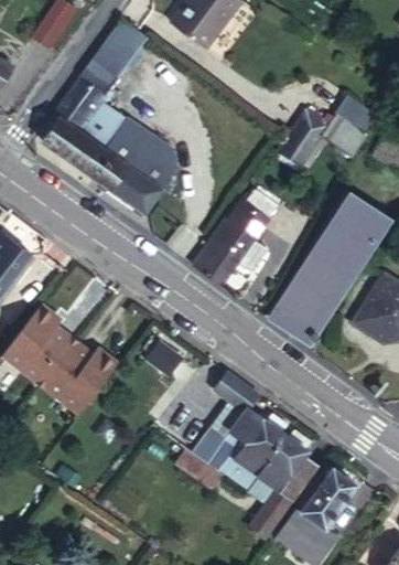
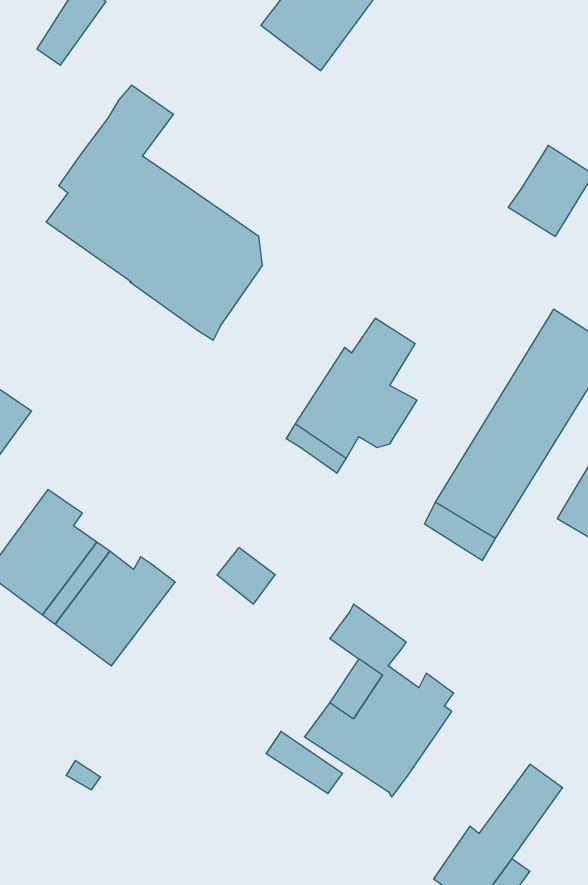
building: [94,18,148,76] -> none
building: [279,106,330,163] -> none
building: [250,429,317,537] -> none

